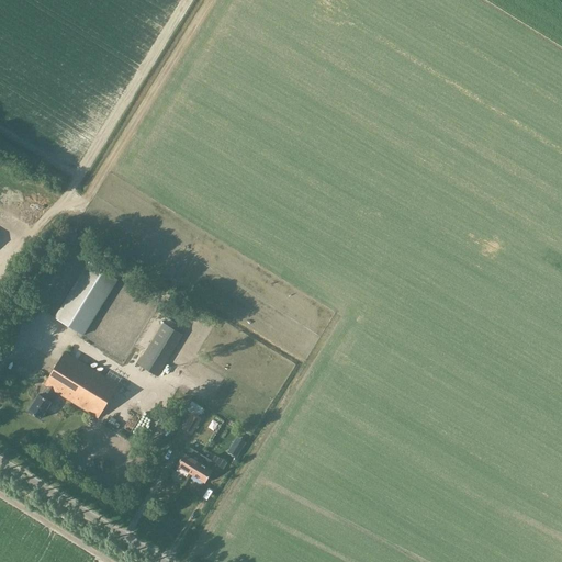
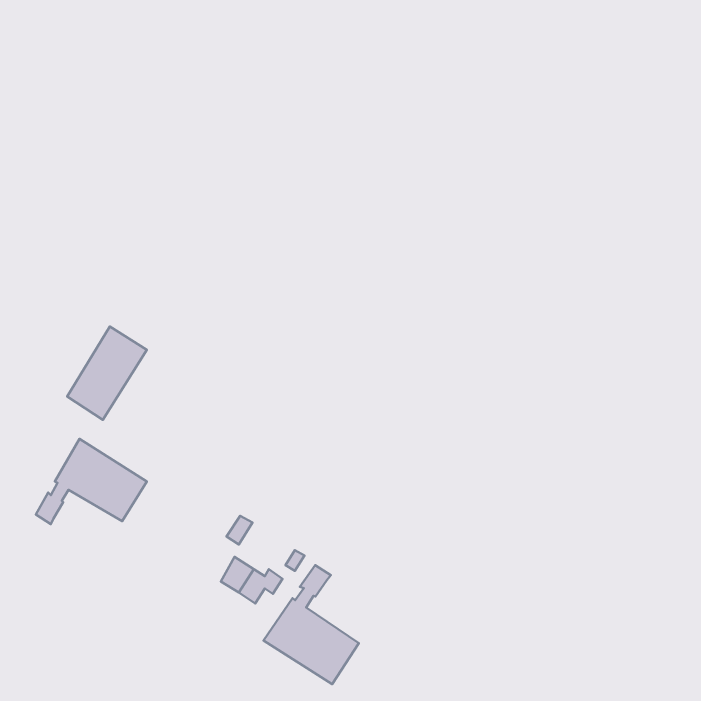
building: [138,323,182,376] -> none
building: none -> [263,565,359,684]

